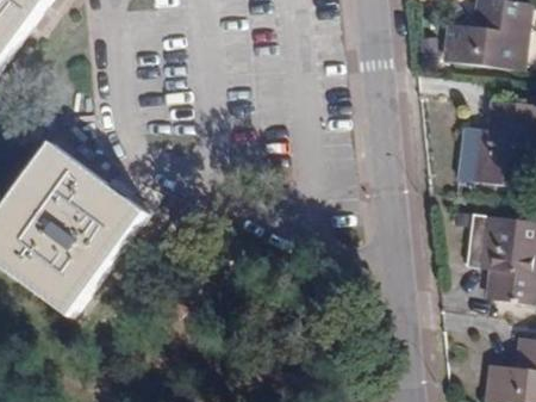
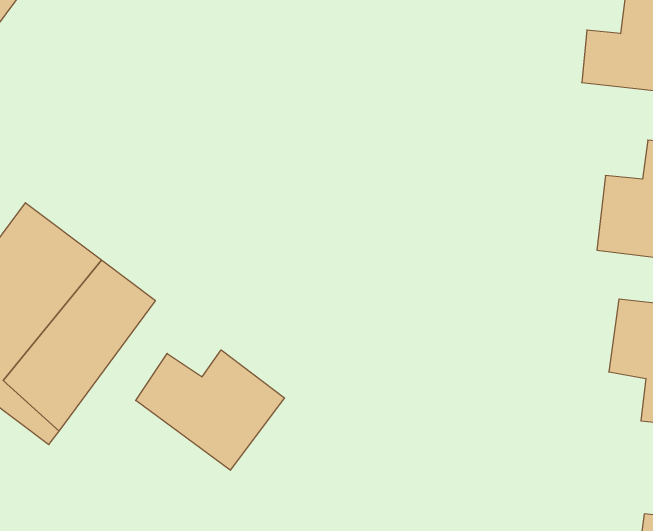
building: none -> [136,350,285,470]

